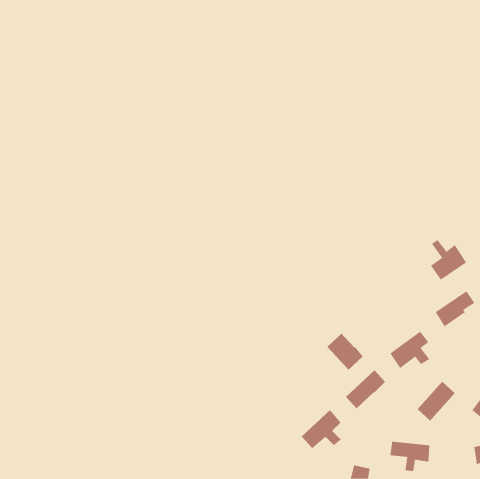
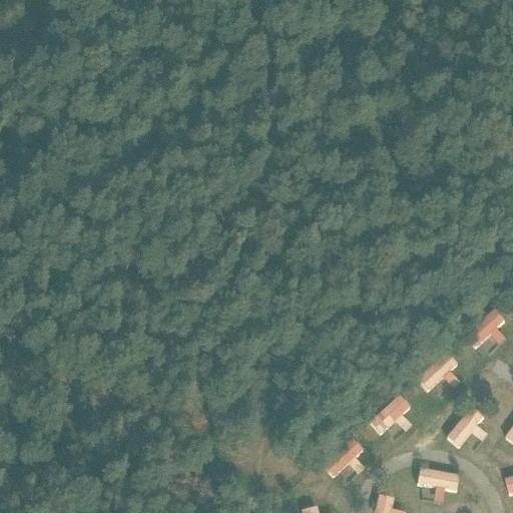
building: [430,239,467,281] -> none
building: [327,333,364,371] -> none

